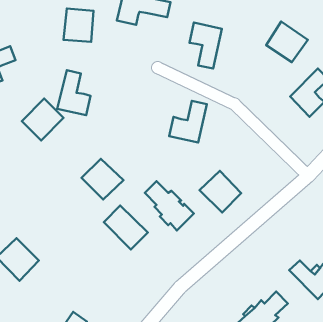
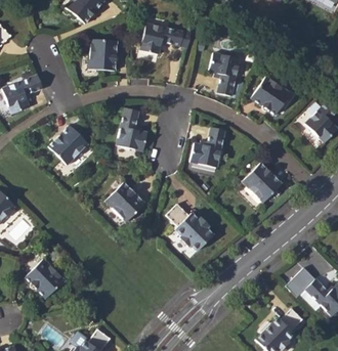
building: [266,22,308,62] -> [251,76,291,115]
building: [57,70,90,115] -> [116,107,147,150]
building: [200,171,241,213] -> [242,163,282,203]
building: [104,206,148,250] -> none
building: none -> [286,267,314,297]

